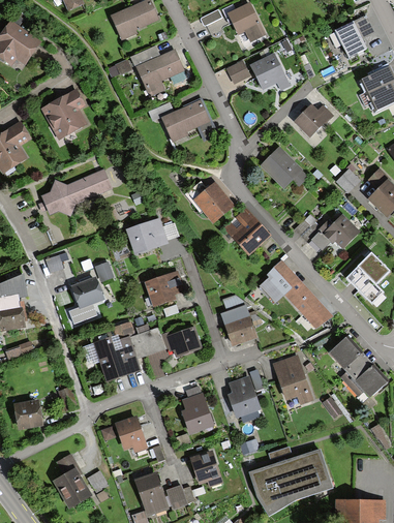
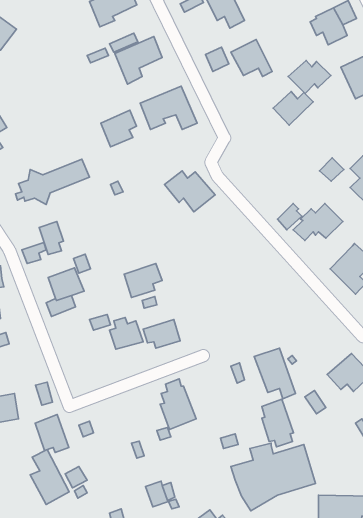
building: none -> [288,60,331,94]
building: [42,91,87,139] -> none
building: none -> [101,110,137,147]
building: [260,146,310,189] -> none
building: [225,209,270,254] -> none
building: [128,219,164,252] -> none
building: none -> [39,221,64,255]
building: [262,259,333,329] -> none
building: [222,296,256,344] -> none
building: [329,336,368,380] -> none
building: [95,337,139,379] -> none
building: [230,374,261,421] -> [262,399,293,447]
building: [115,414,148,452] -> [35,415,69,453]
building: [192,451,222,487] -> none
building: [135,473,168,514] -> none

